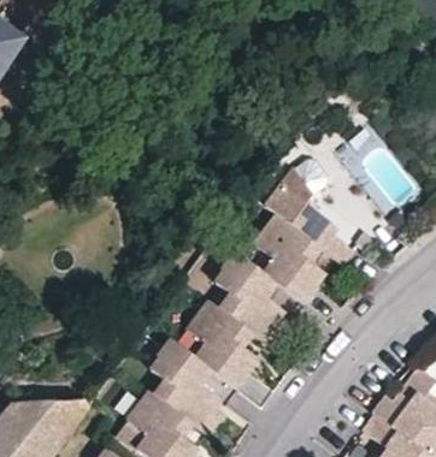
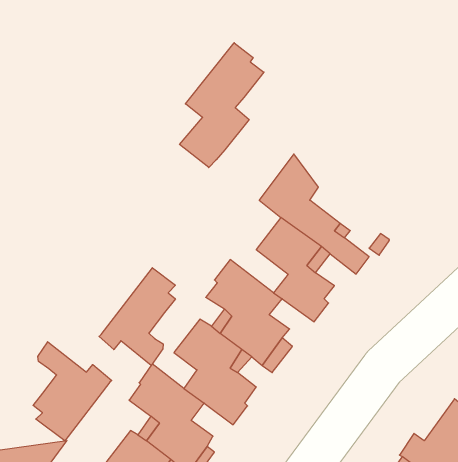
building: none -> [180,43,264,168]
building: none -> [99,268,175,365]
building: none -> [33,342,112,441]

